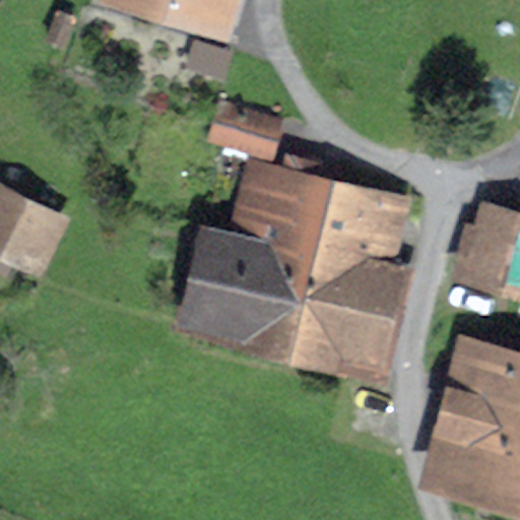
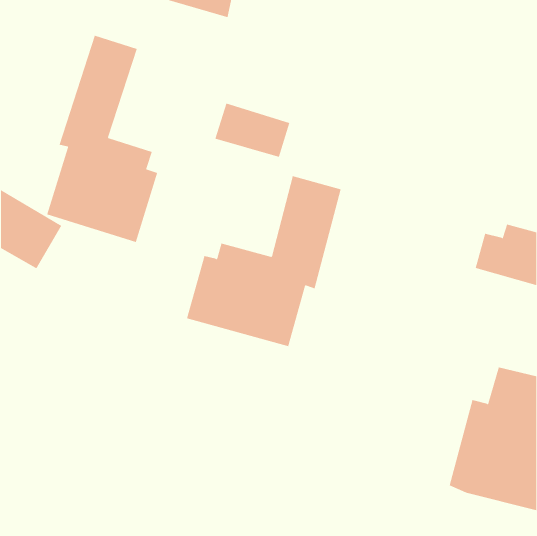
building: none -> [46,35,158,243]
building: [279,183,409,364] -> none

